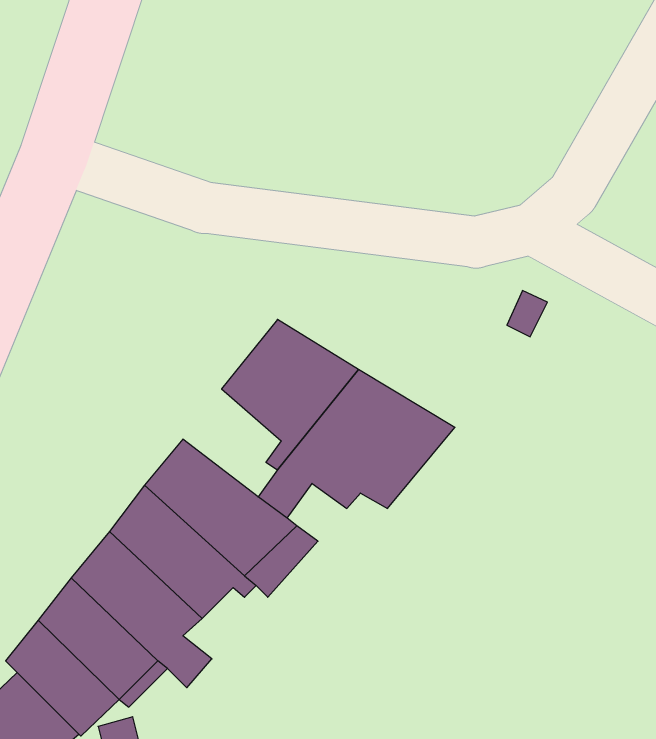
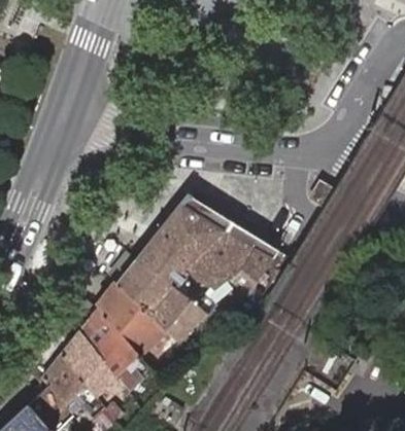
building: none -> [138,230,191,288]

